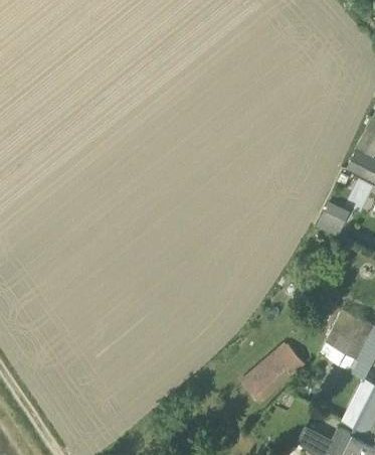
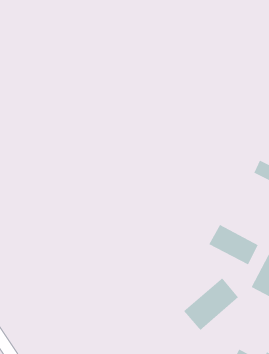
building: none -> [209,224,259,265]

